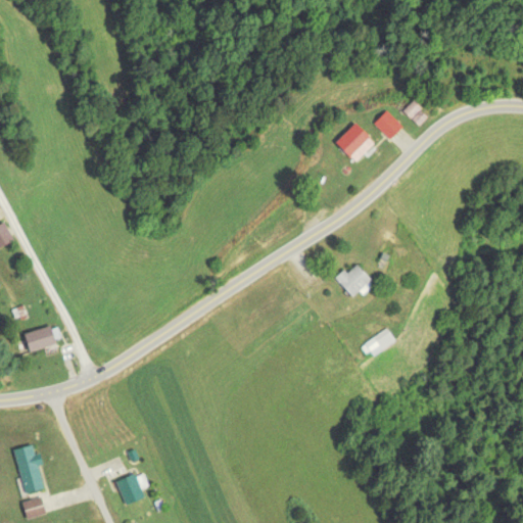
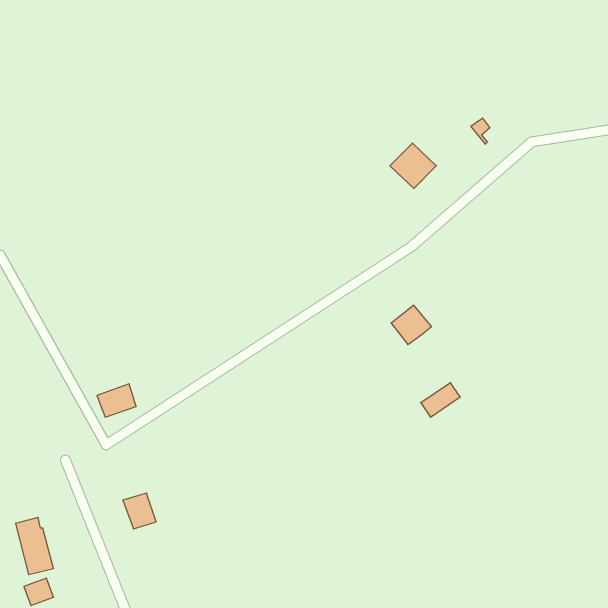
building: [374,110,402,139] -> none
building: [23,325,57,353] -> [97,384,136,417]
building: [116,474,145,505] -> [123,493,156,529]

